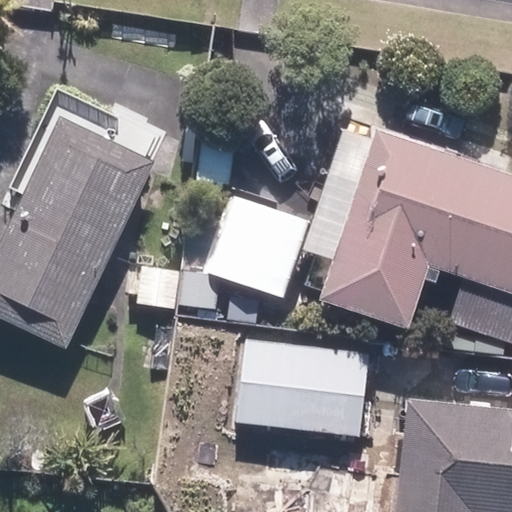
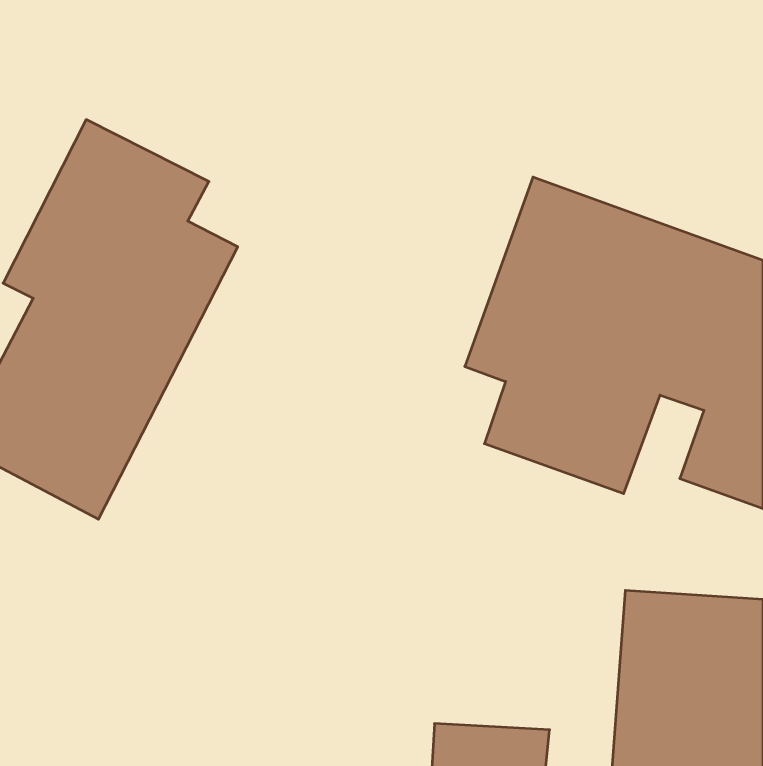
building: [208,193,309,299] -> none
building: [234,338,371,443] -> none

